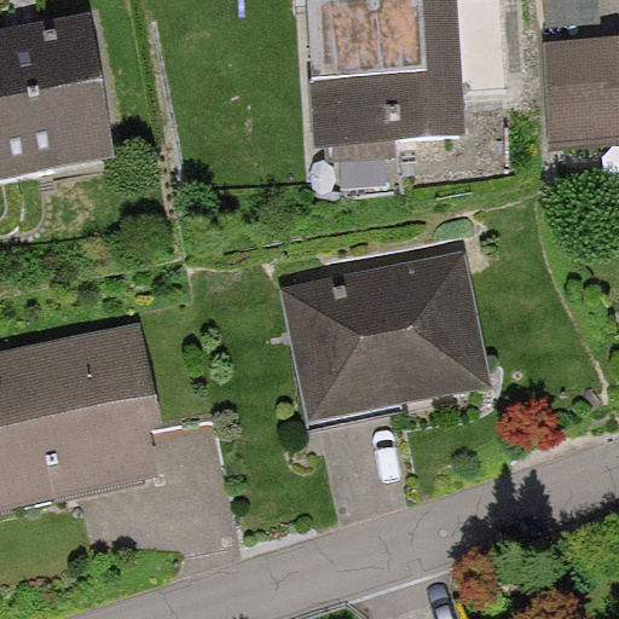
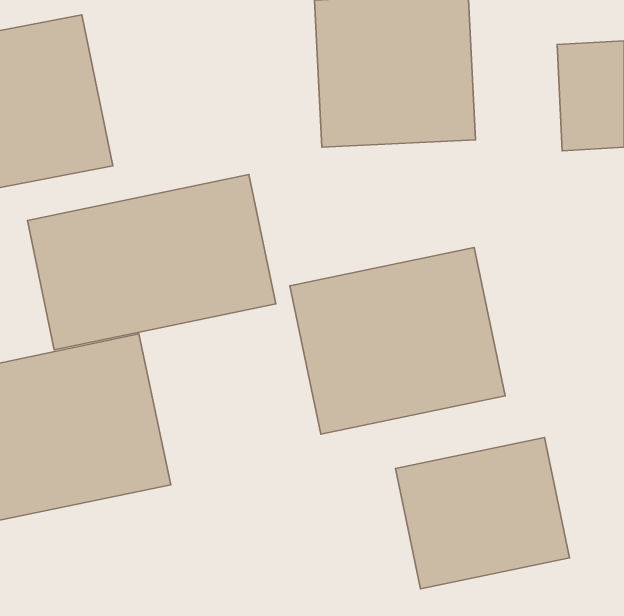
building: none -> [27,174,276,350]
building: none -> [396,437,570,589]

